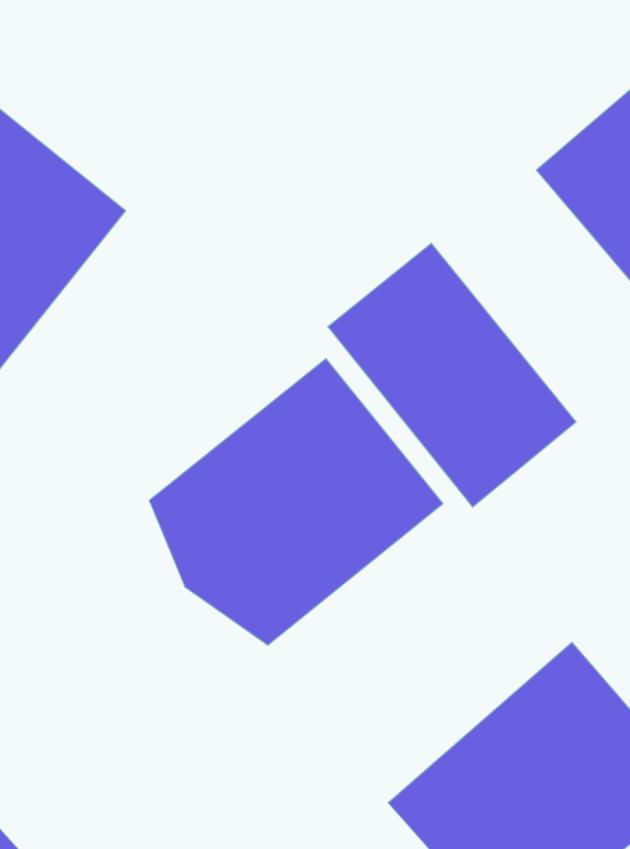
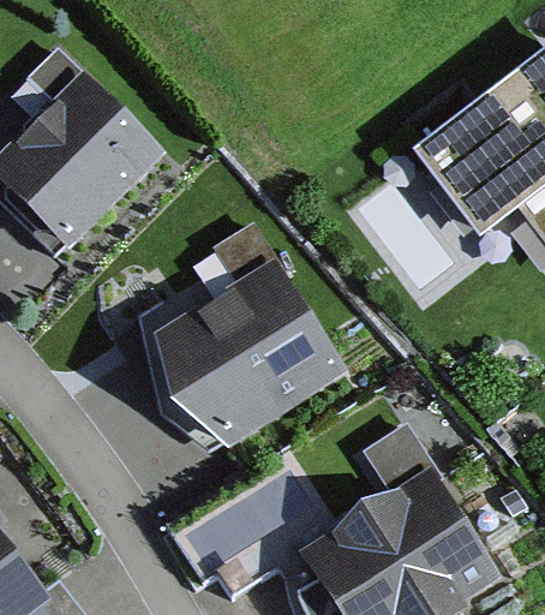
building: [328,243,576,507] -> none

